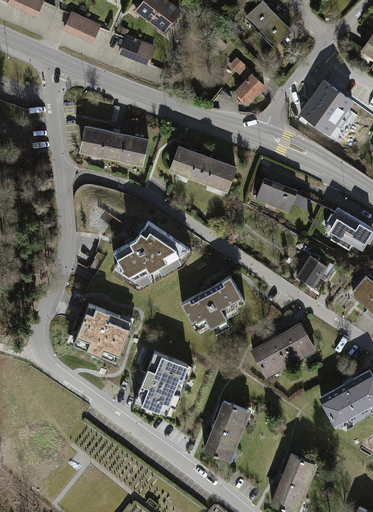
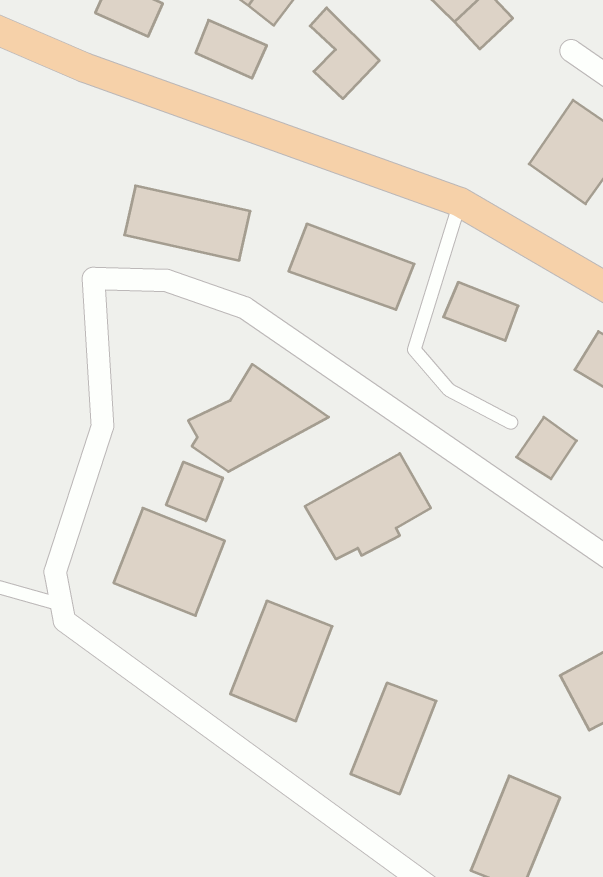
building: [229,58,267,108] -> [310,8,379,99]
building: none -> [166,462,223,521]
building: [250,319,315,374] -> none

